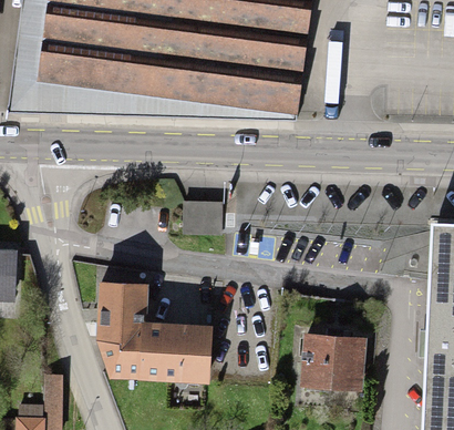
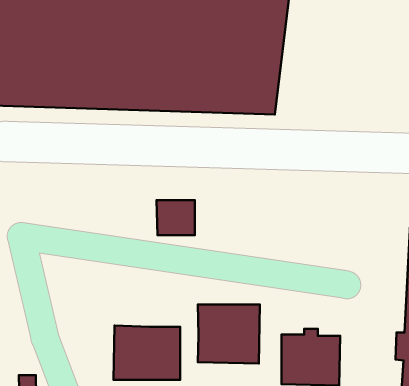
building: [97,278,142,379] -> none
building: none -> [198,304,260,363]

